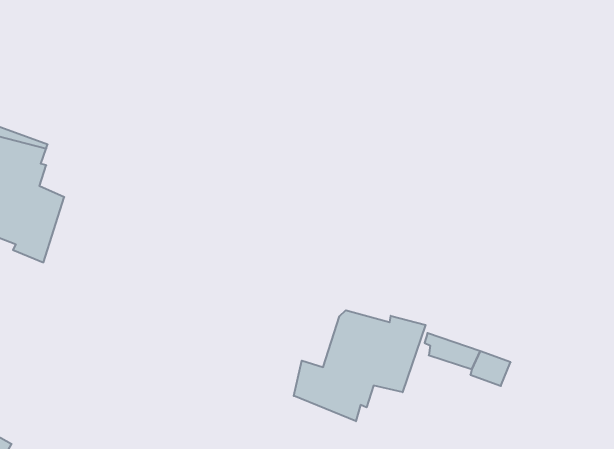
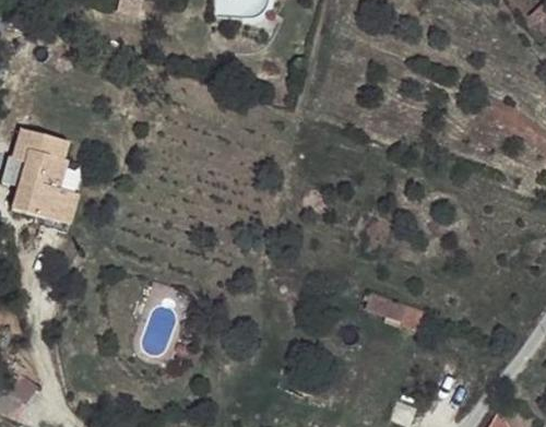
building: [294,310,426,421] -> none

